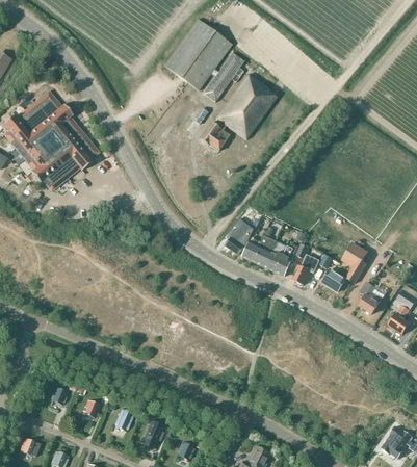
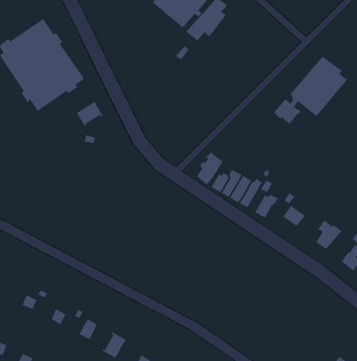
building: [200,73,277,150] -> [273,55,348,125]
building: none -> [76,101,104,127]
building: [341,242,368,283] -> none

